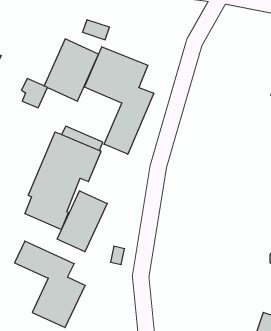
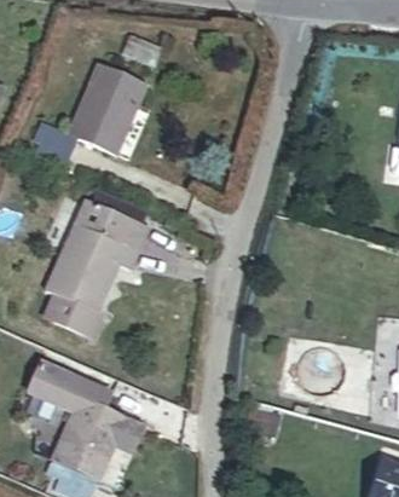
building: [85,47,154,154] -> none
building: [57,191,107,252] -> none

